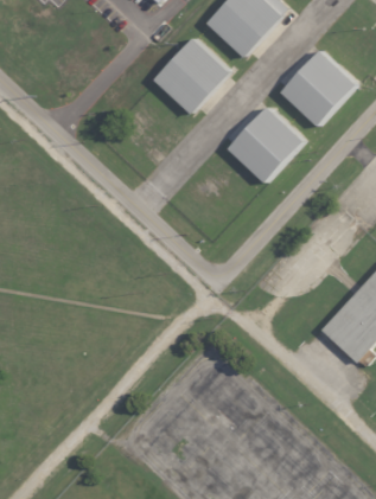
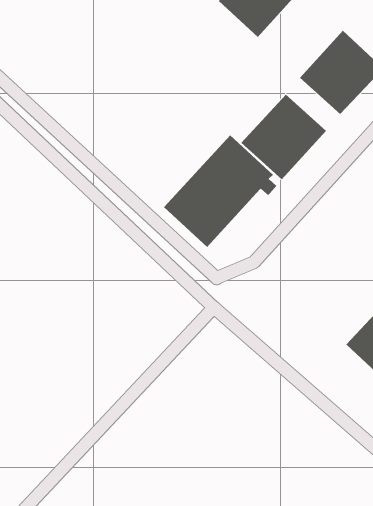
building: [153,37,229,113] -> none
building: none -> [163,135,277,248]

